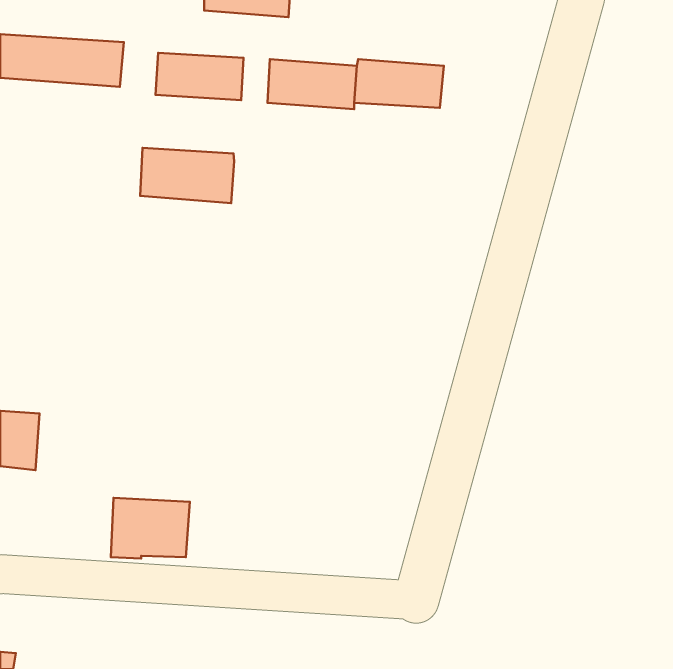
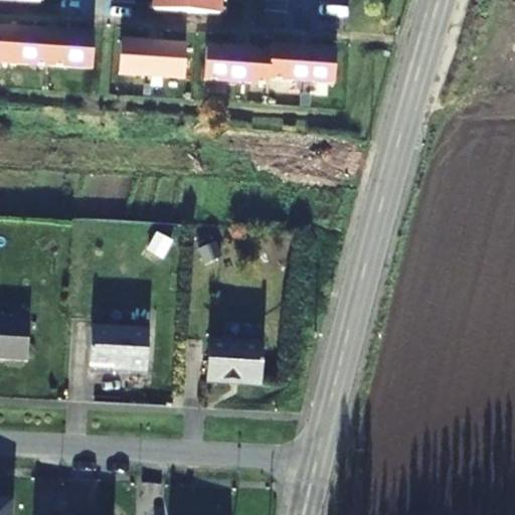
building: [140,148,234,203] -> none
building: none -> [206,338,265,381]
building: [111,498,190,558] -> [90,324,150,370]

